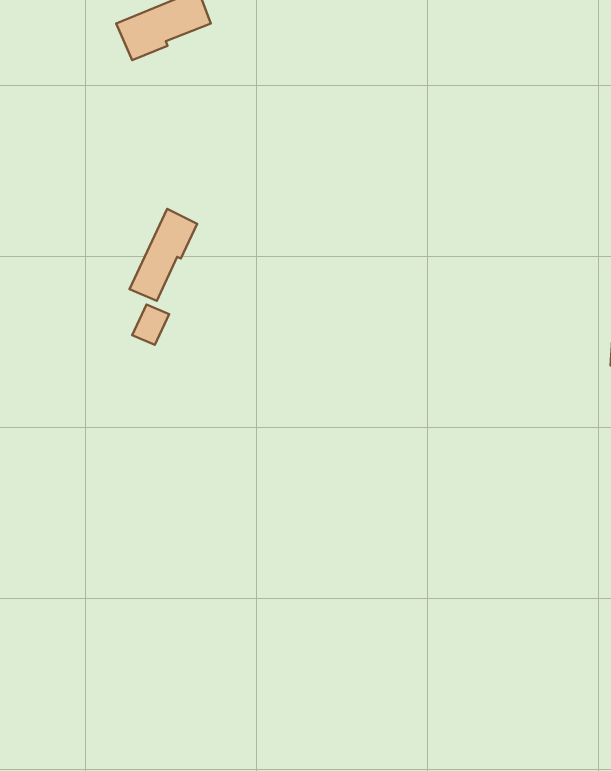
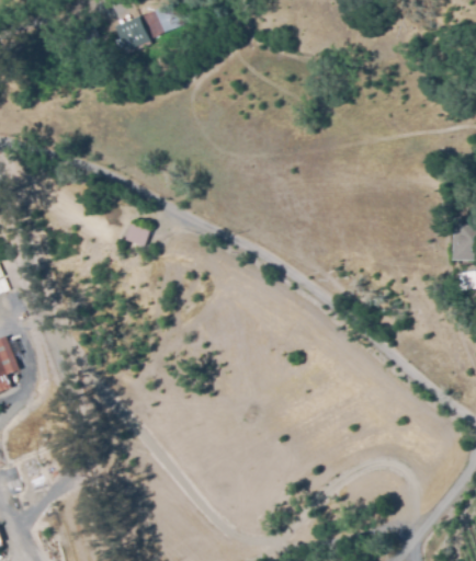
building: [129,209,197,301] -> none

